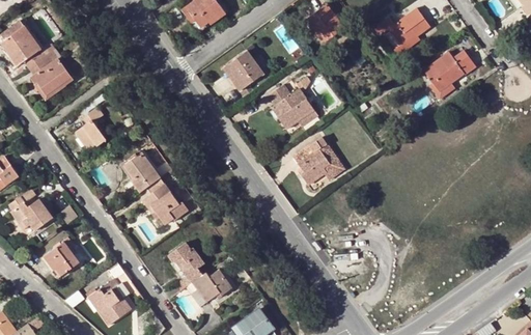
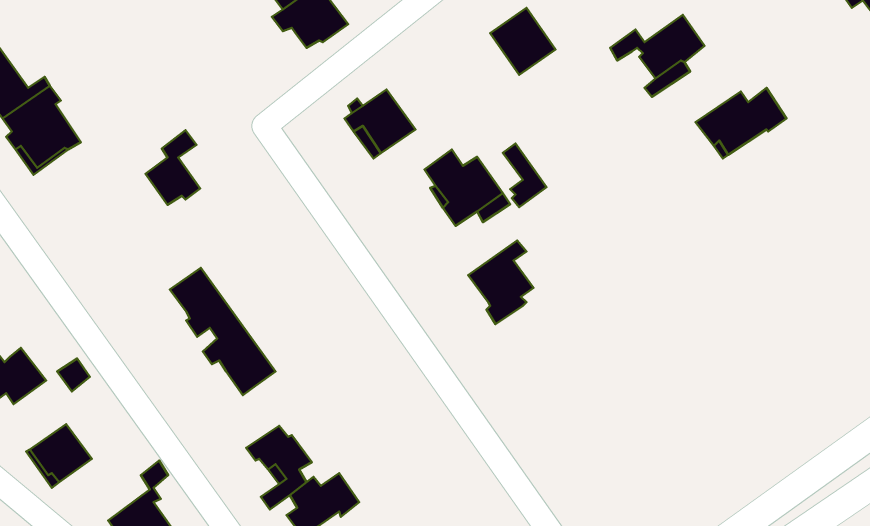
building: [74,108,105,150] -> [146,130,200,205]
building: [319,144,344,180] -> [503,144,546,207]

